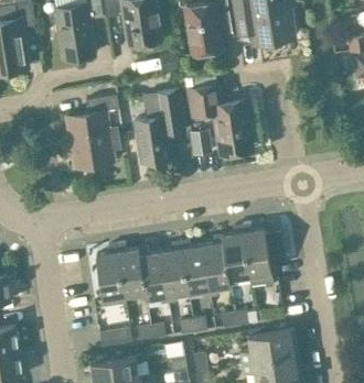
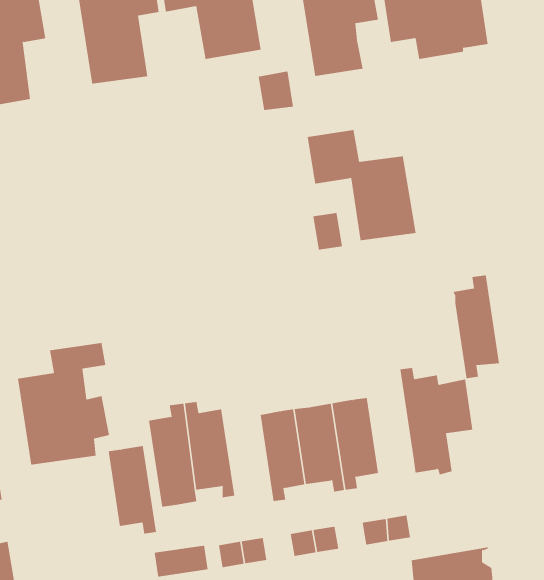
building: [133,90,184,163] -> none
building: [66,96,120,167] -> [17,342,110,465]
building: [222,226,249,286] -> [453,275,500,379]
building: [139,252,168,304] -> [108,445,157,534]

